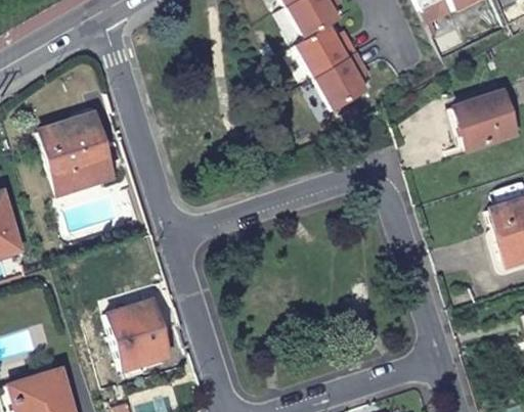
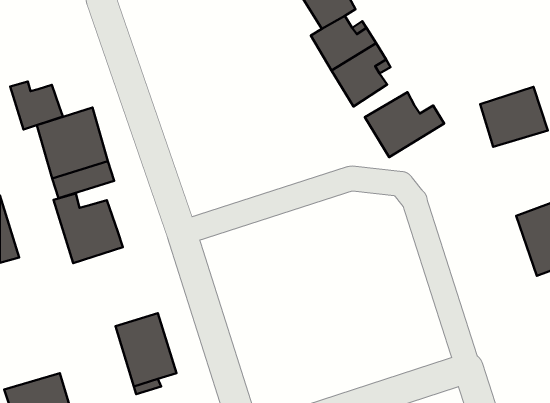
building: none -> [10,81,63,129]
building: none -> [365,92,444,157]
building: none -> [53,193,123,263]

